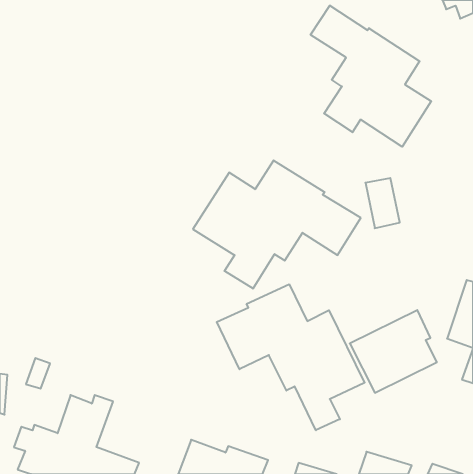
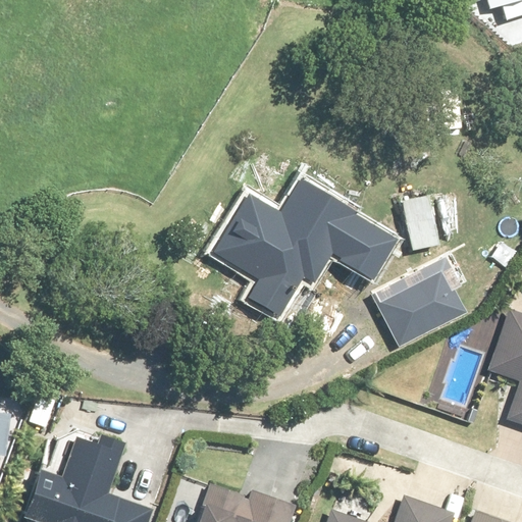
building: [311,5,431,147] -> none
building: [217,284,365,430] -> none
building: [350,310,437,393] -> [371,256,467,347]

